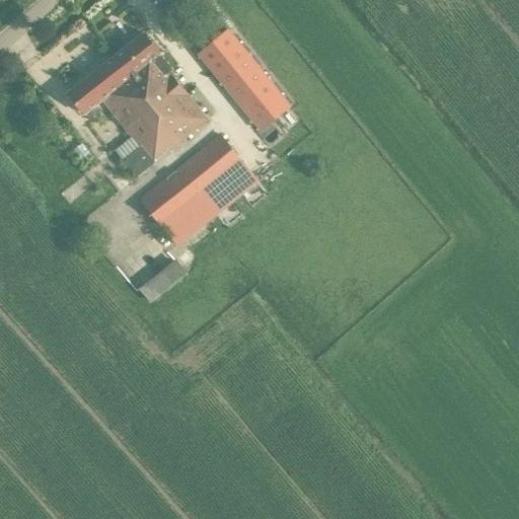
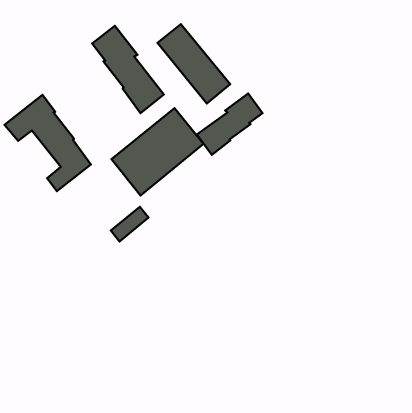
building: [69,55,177,175] -> [4,95,91,191]
building: none -> [197,94,263,155]

